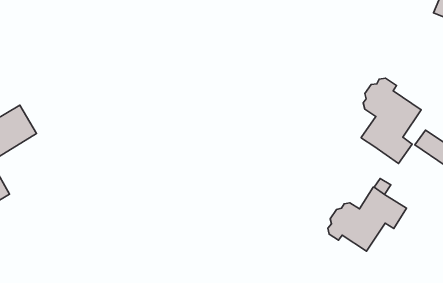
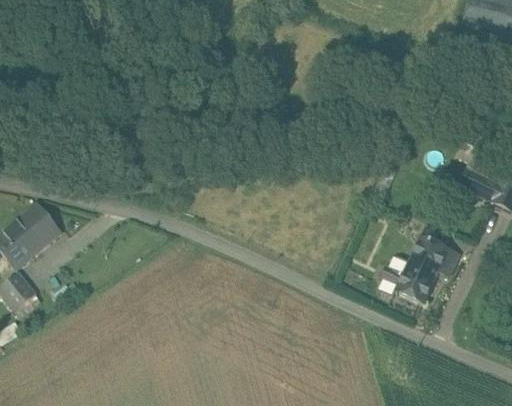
building: [361,78,421,163] -> none

